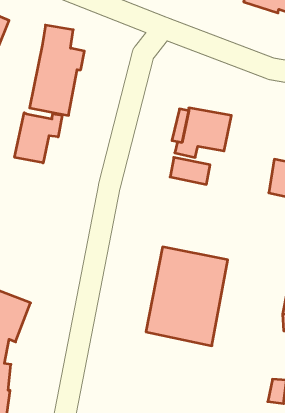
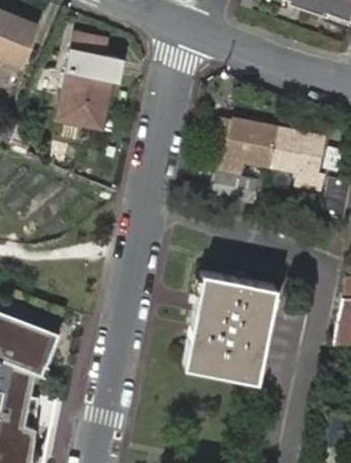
building: [15,113,62,163] -> none
building: none -> [270,130,323,190]

